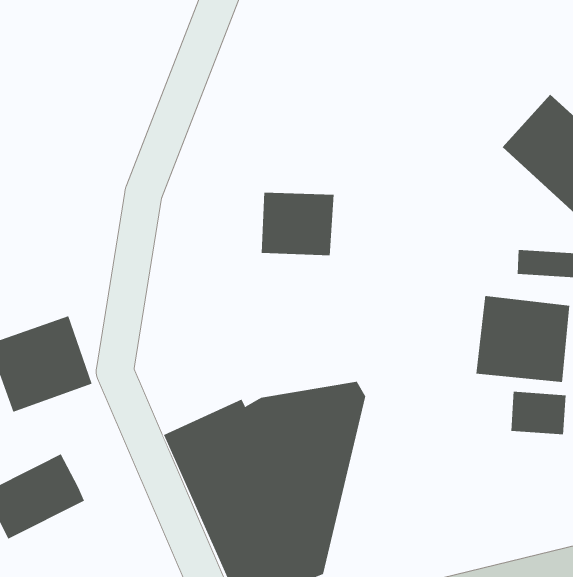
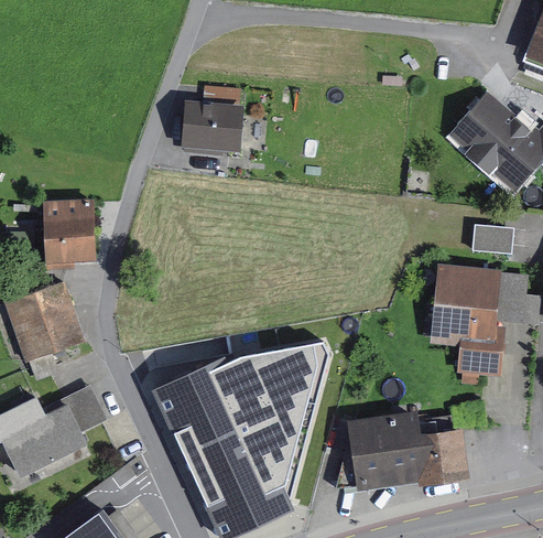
building: [261,192,334,256] -> [184,99,249,155]
building: none -> [44,201,99,269]
building: none -> [36,385,102,433]
building: none -> [351,411,476,488]

